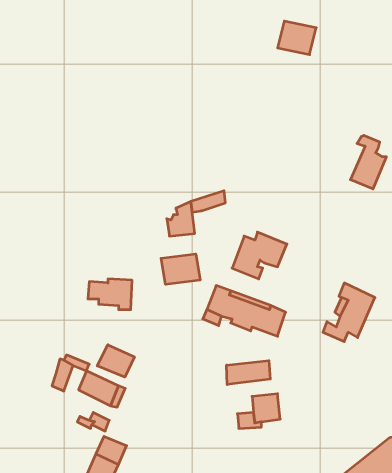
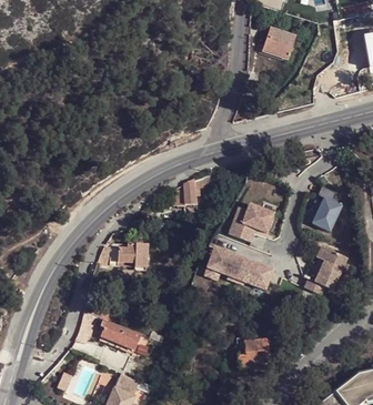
building: [350,135,386,189] -> [311,185,341,230]
building: [161,254,200,284] -> none
building: [97,345,134,377] -> none
building: [227,361,270,385] -> none

